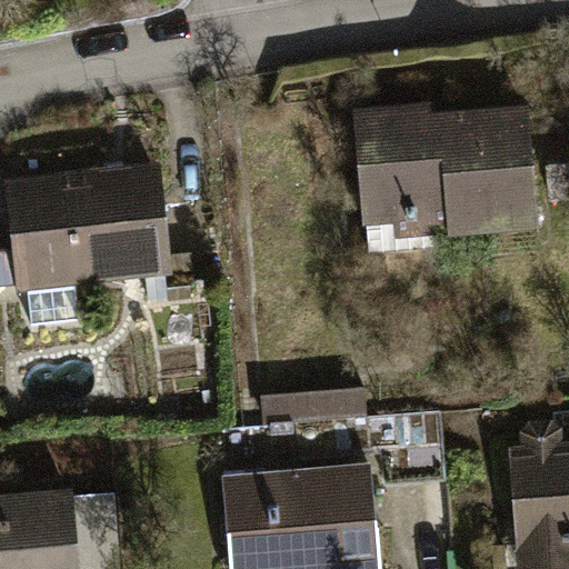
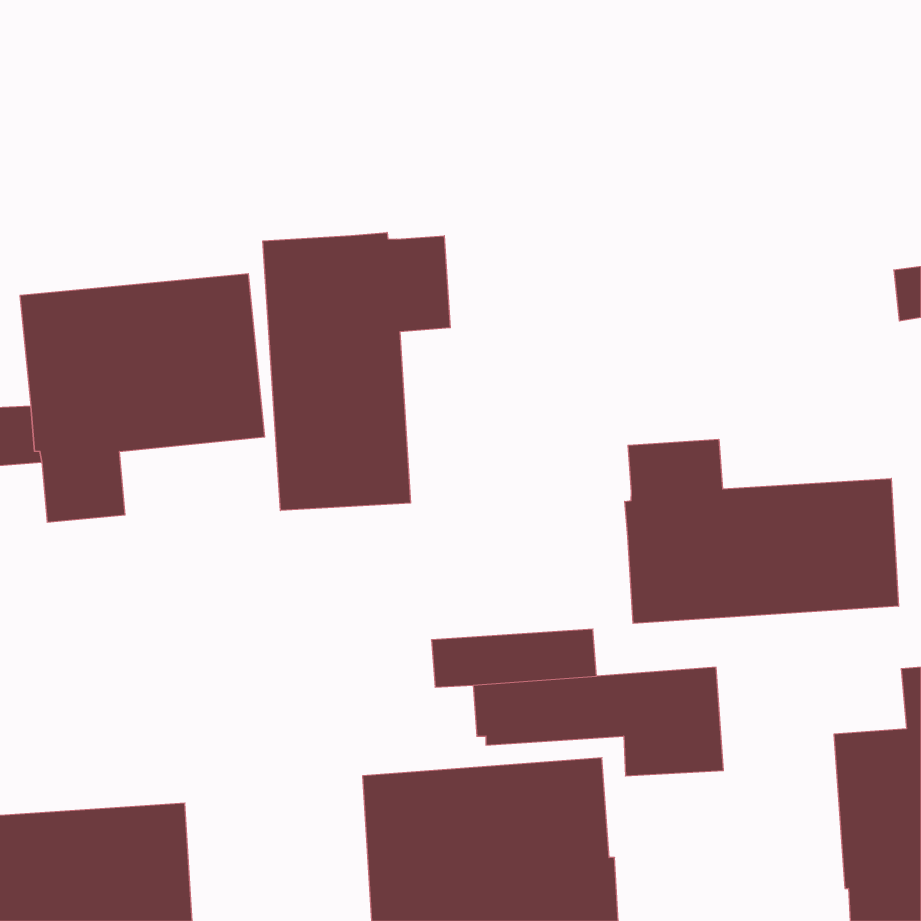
building: [357,108,536,249] -> none
building: none -> [263,232,450,511]
building: none -> [625,439,899,623]

